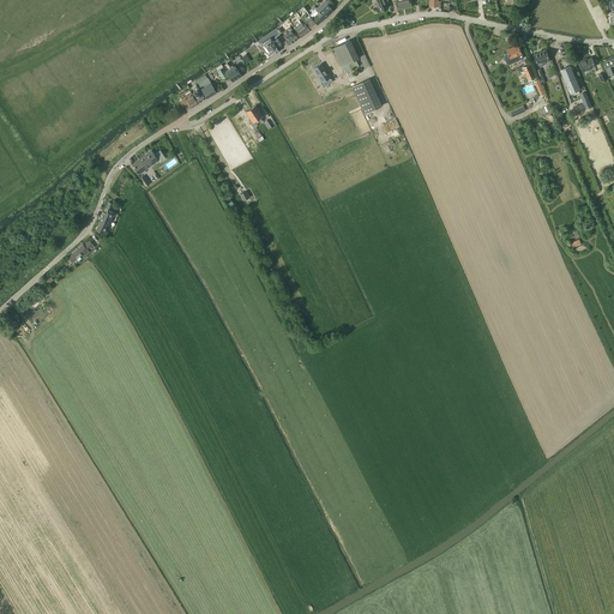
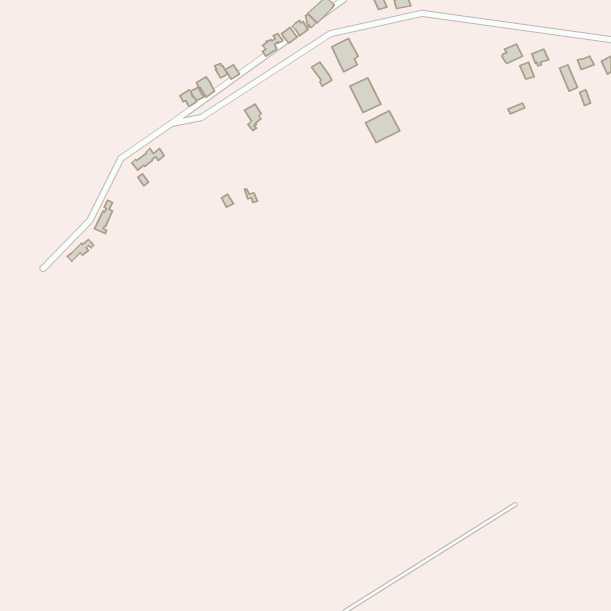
building: none -> [366,111,400,143]

